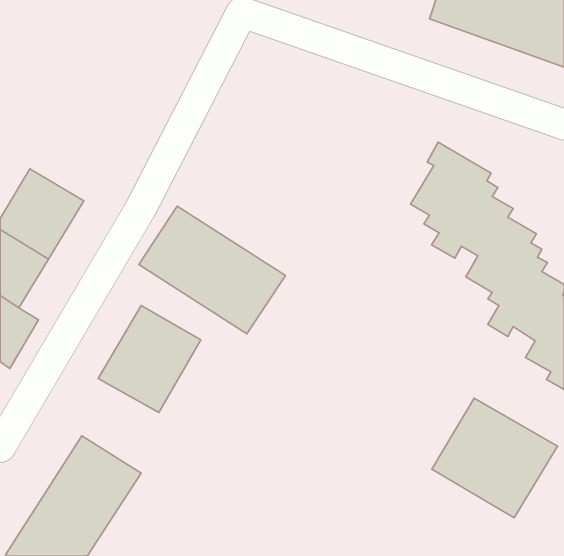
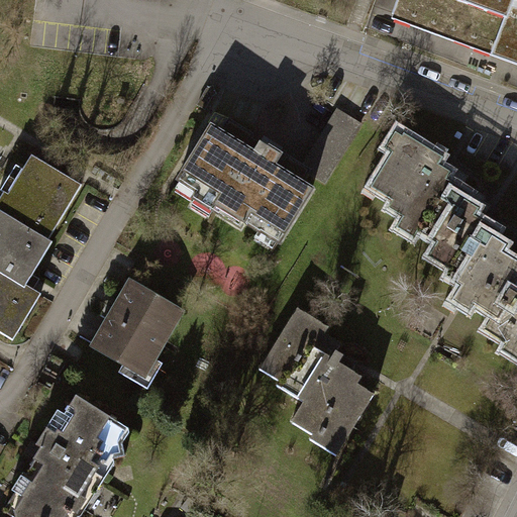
building: [139,206,285,334] -> [179,125,313,242]
building: none -> [258,307,371,453]
building: [432,398,557,518] -> none

